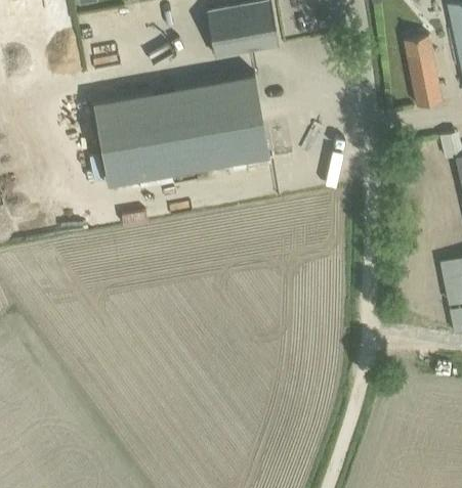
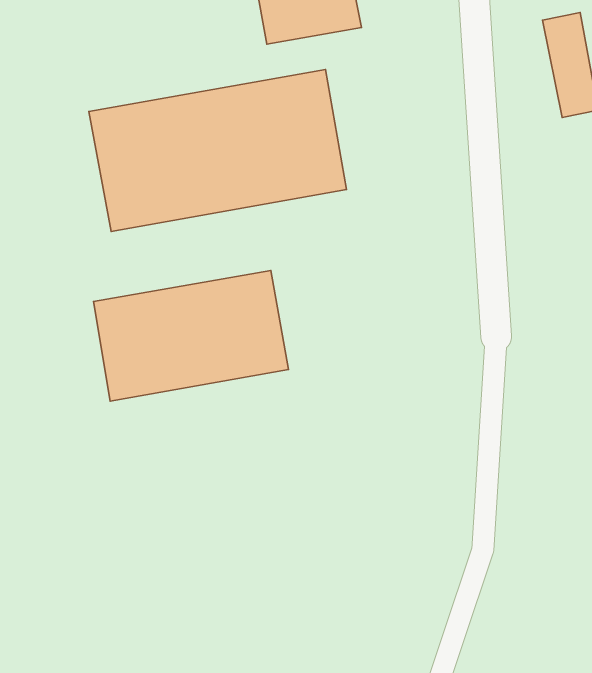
building: none -> [93,270,289,401]

